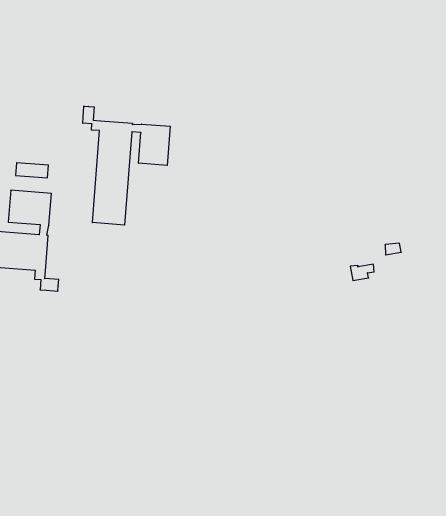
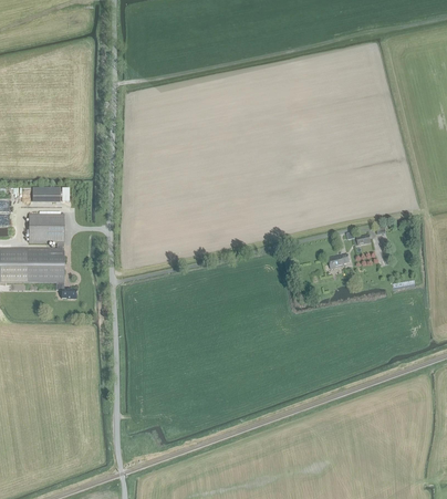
building: [83,106,170,225] -> none

